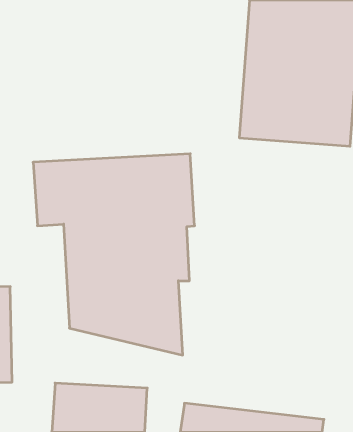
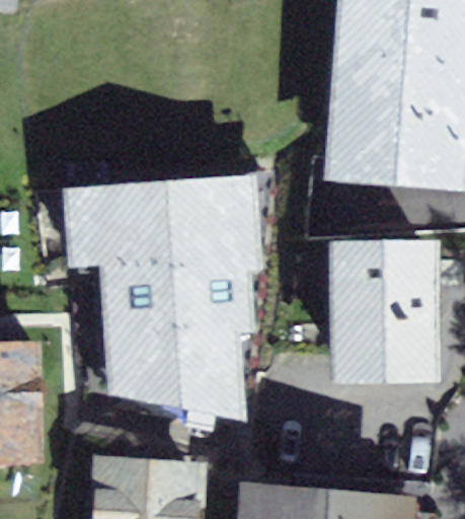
building: none -> [320,230,434,371]

